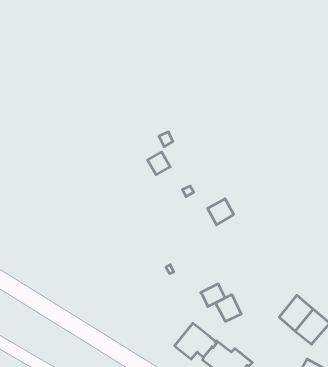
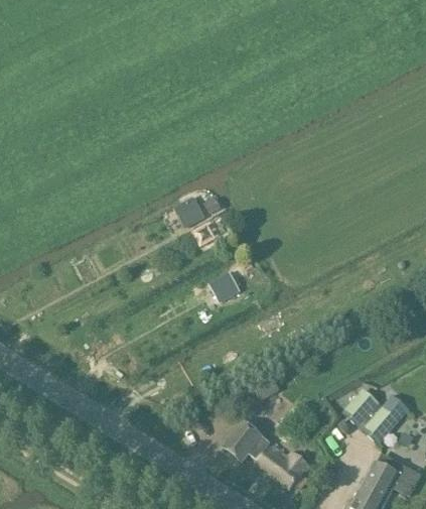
building: none -> [174,197,204,228]
building: [208,199,234,225] -> [208,272,239,302]
building: [216,295,241,321] -> none

